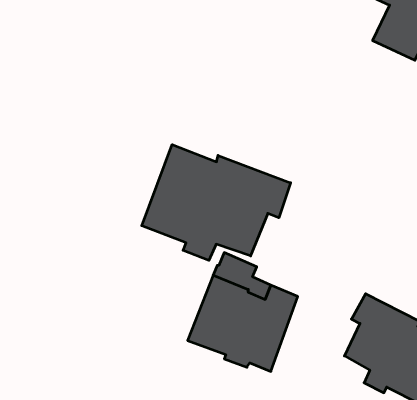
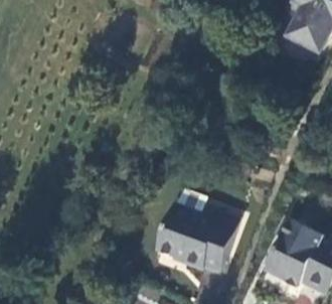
building: [142,145,291,260] -> none

